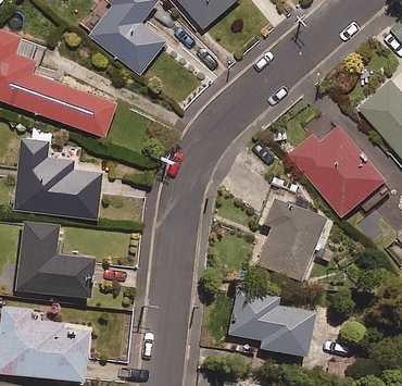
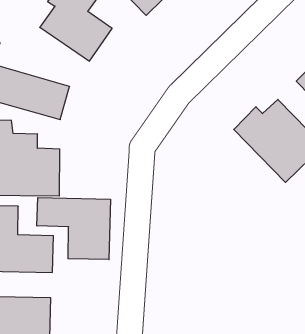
building: [254,187,322,283] -> none
building: none -> [37,198,110,260]
building: [229,292,310,354] -> none

